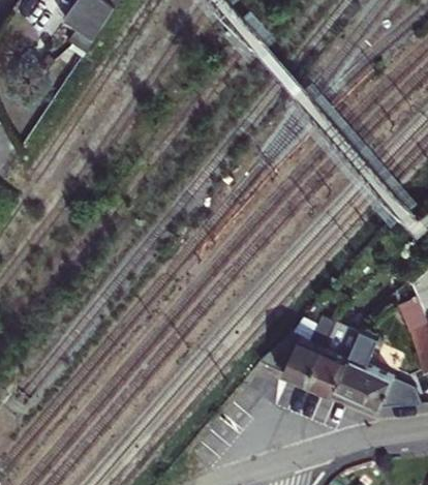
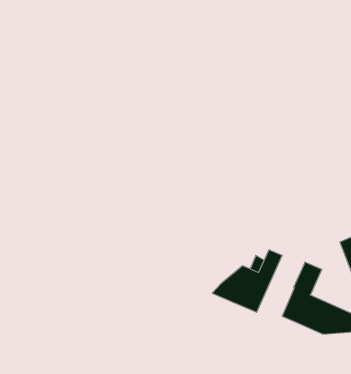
building: [308,323,360,395] -> none

